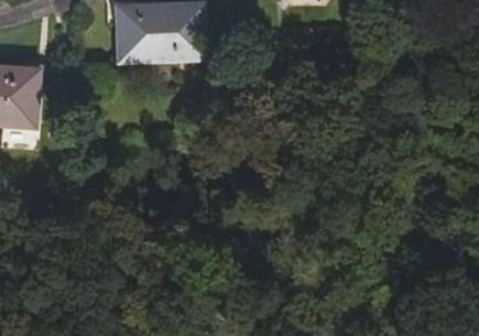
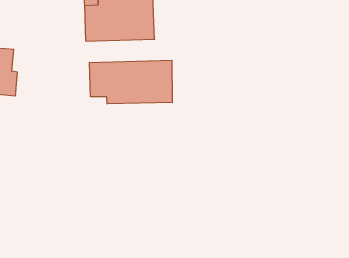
building: none -> [90,60,172,104]

